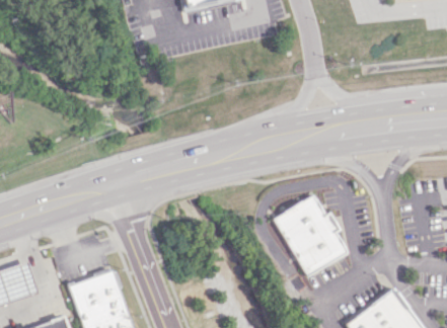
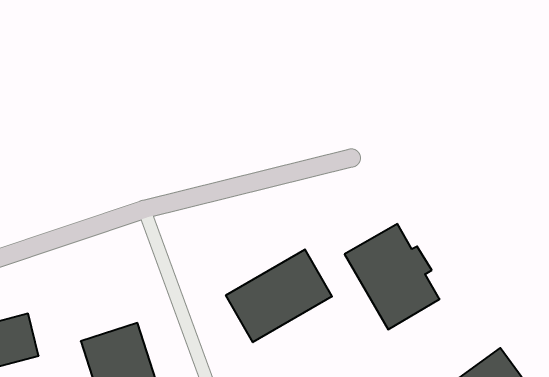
building: none -> [226,249,332,342]

